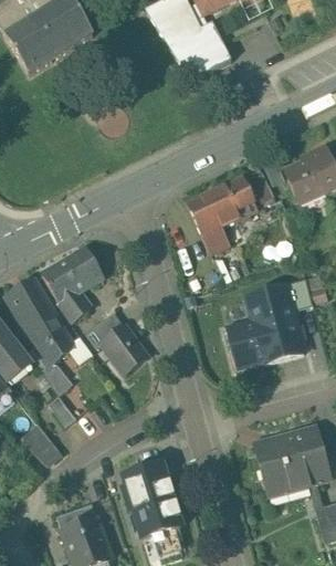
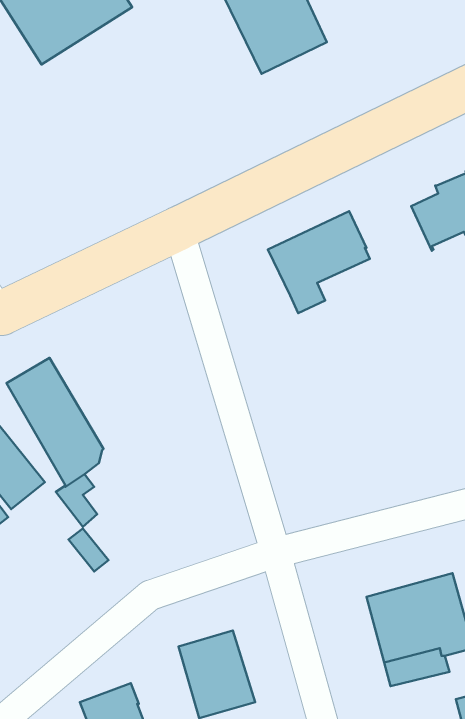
building: [42,247,104,318] -> none
building: [228,276,313,367] -> none
building: [102,323,148,371] -> none
building: [20,420,62,463] -> none

